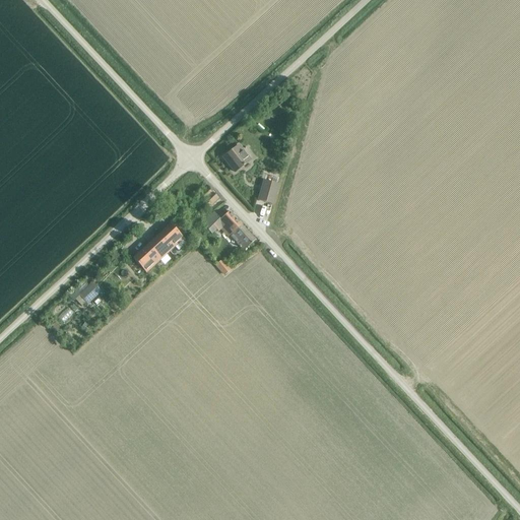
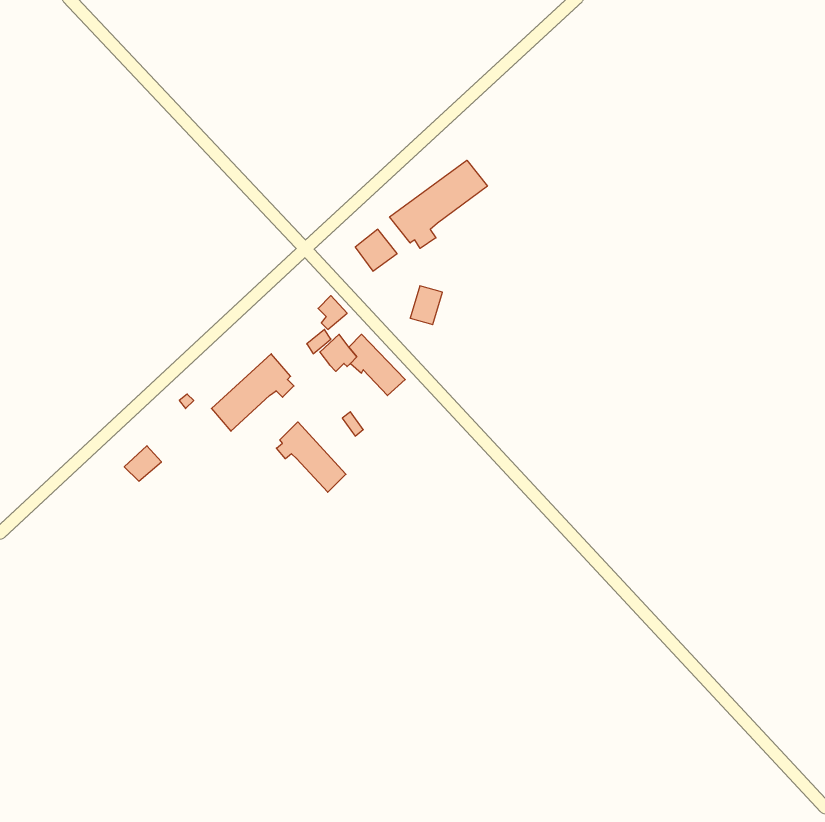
building: none -> [390,160,487,248]
building: none -> [276,422,346,492]

